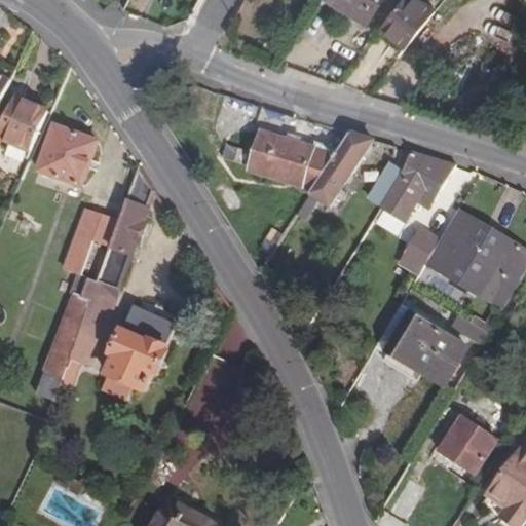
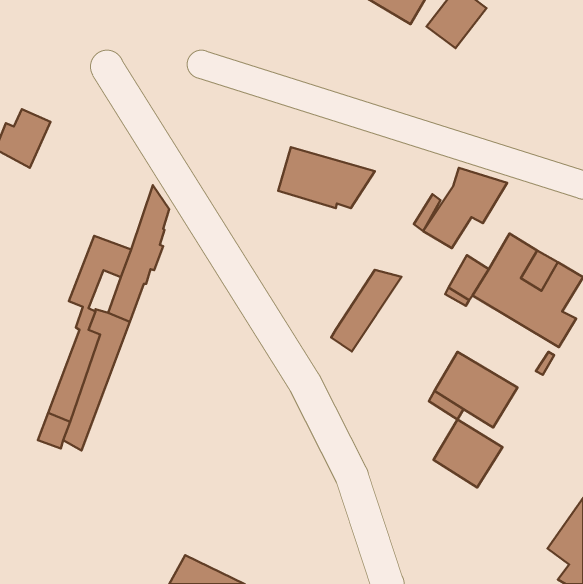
building: [36,123,97,184] -> none
building: [309,133,372,205] -> [331,270,401,351]
building: [103,304,174,396] -> none
building: [436,414,497,475] -> [434,420,503,487]

